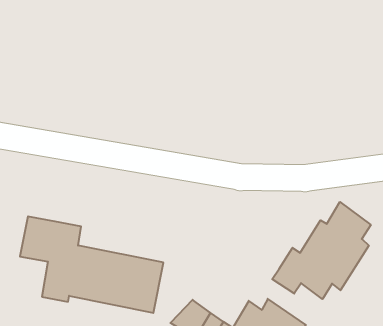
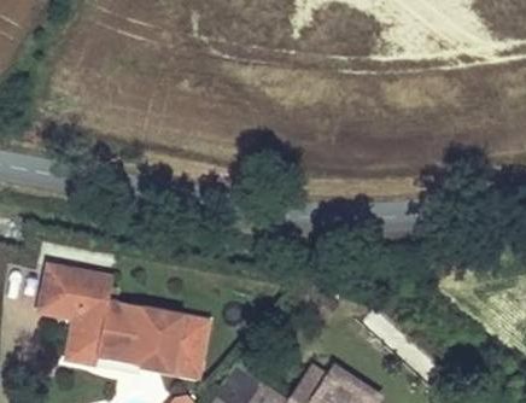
building: [272,202,371,299] -> none

